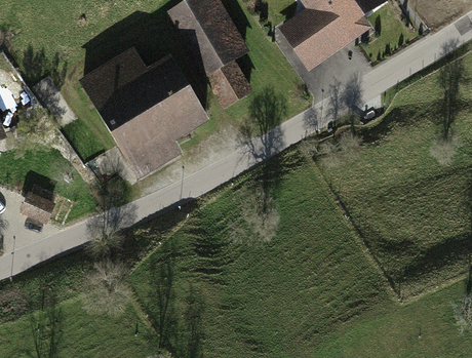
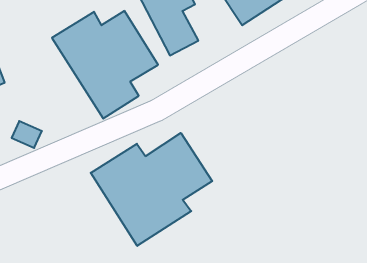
building: none -> [91,133,212,246]

